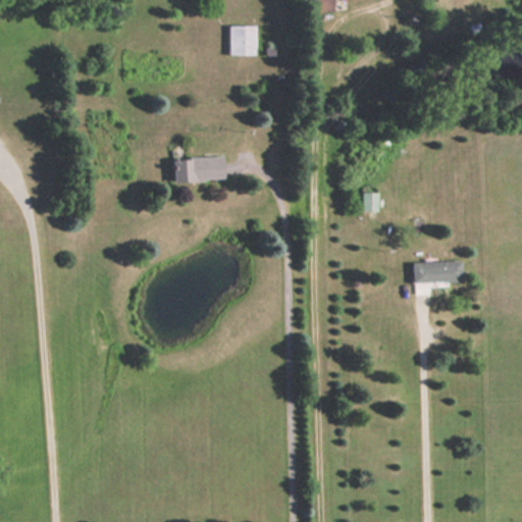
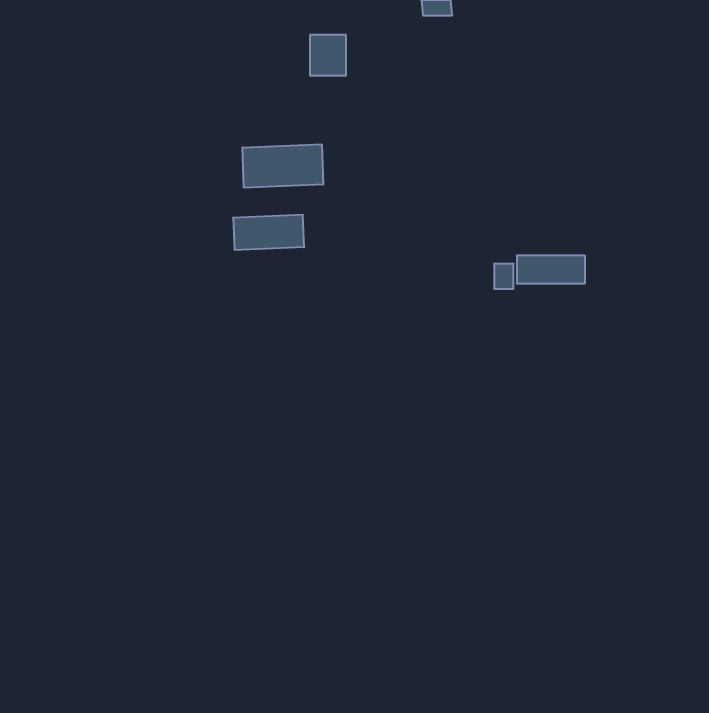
building: none -> [243,144,323,188]
building: [414,262,464,282] -> [517,256,585,283]

